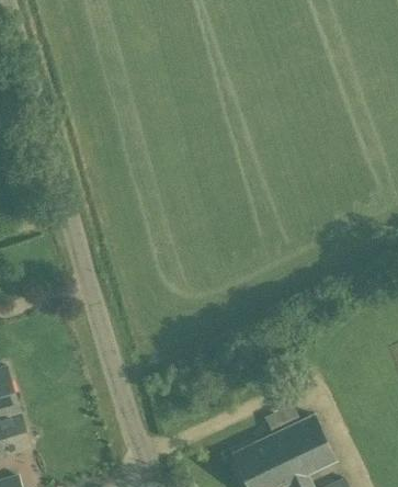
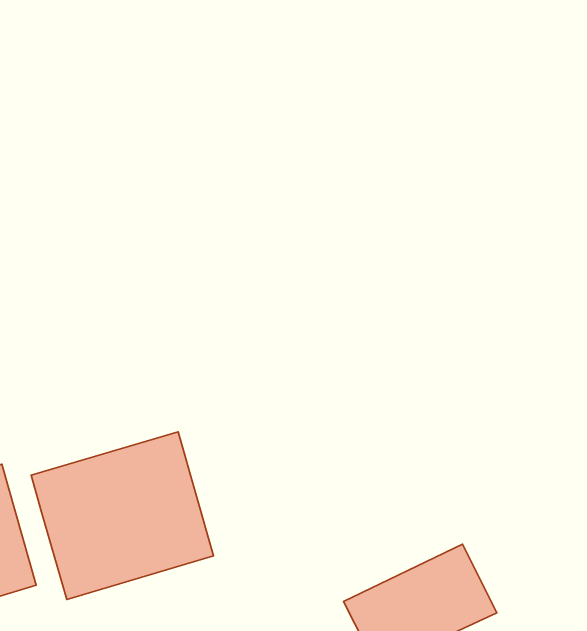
building: none -> [31,432,214,600]

